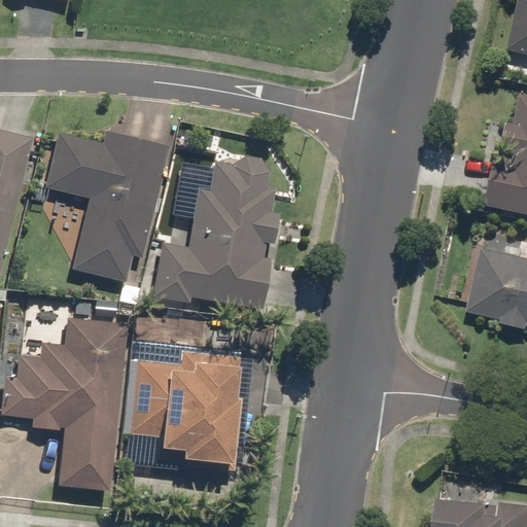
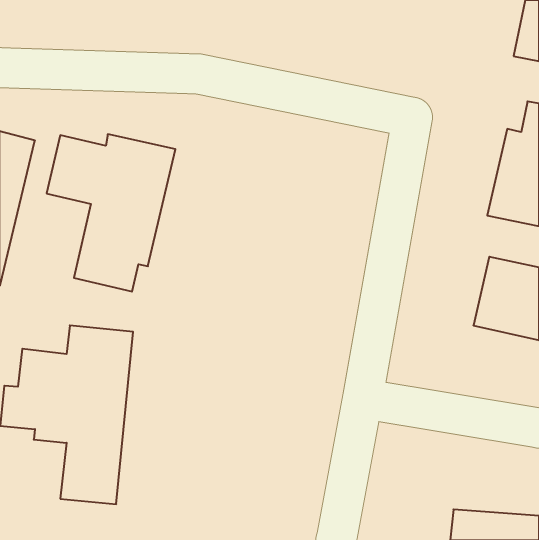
building: [153,155,281,310] -> none
building: [127,346,247,471] -> none

